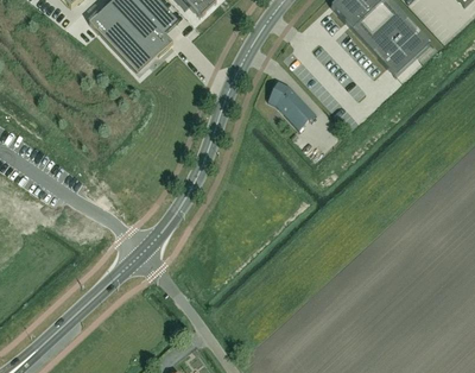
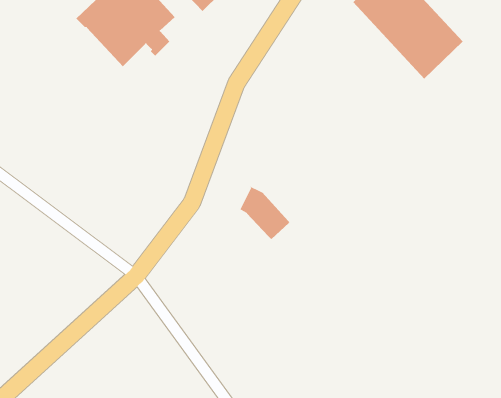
building: [267,80,316,129] -> [237,185,292,242]

